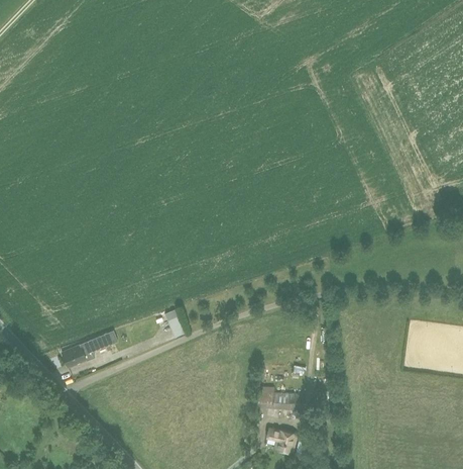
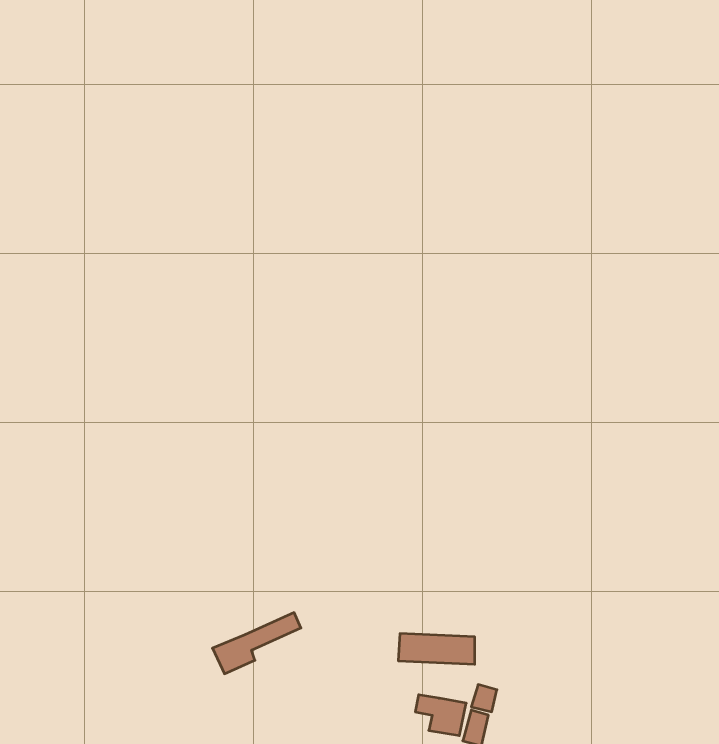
building: [62,332,114,368] -> [212,613,301,674]

